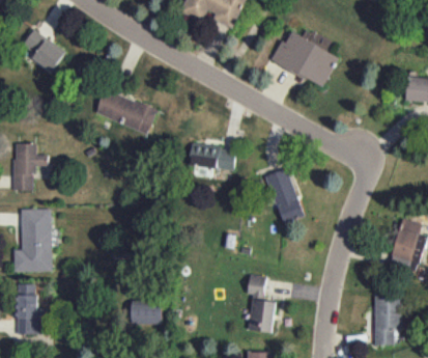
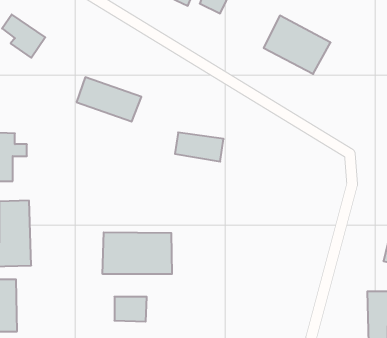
building: [266,168,303,223] -> none
building: none -> [103,232,172,274]
building: [248,274,276,332] -> none

